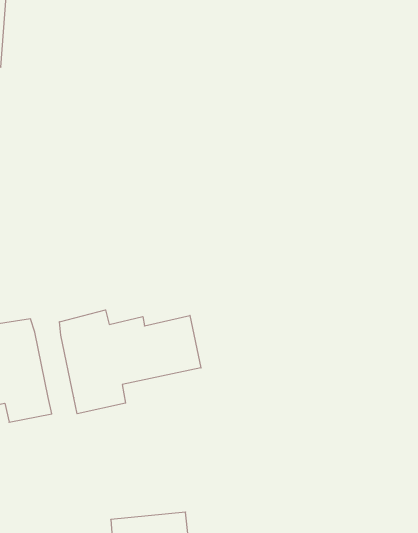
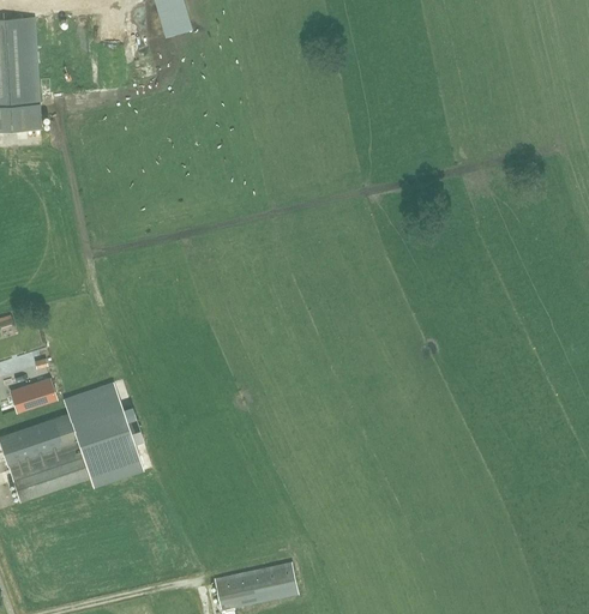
building: [59,310,201,414] -> none

